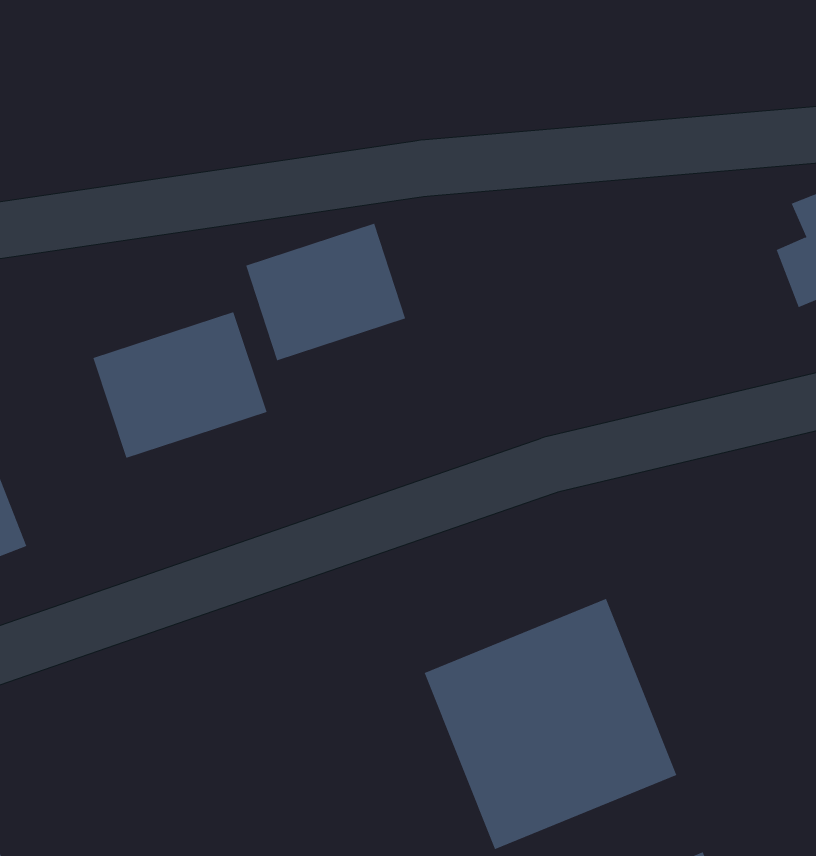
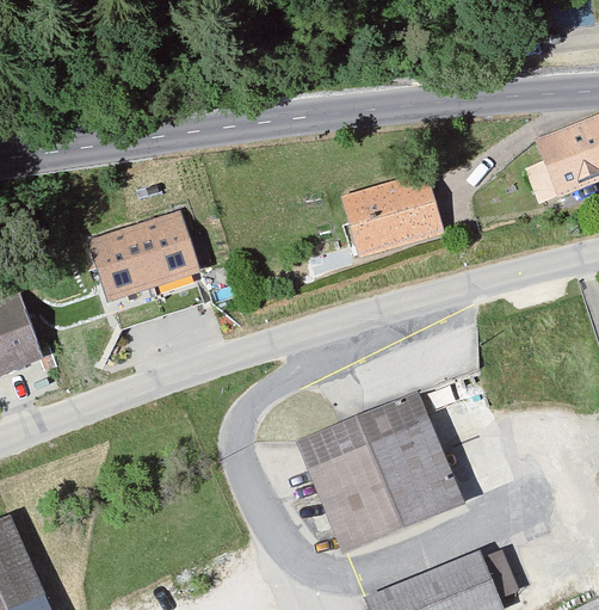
building: [246,223,406,361] -> none
building: none -> [342,172,449,263]

